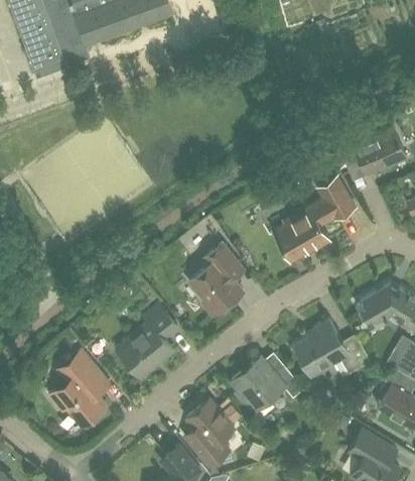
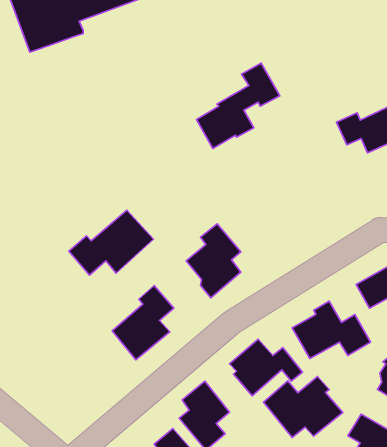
building: [274,175,356,259] -> [196,63,280,148]
building: none -> [69,210,153,275]
building: [48,349,109,425] -> none
building: none -> [263,376,343,437]

